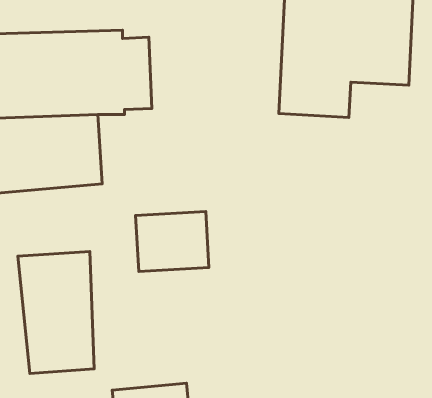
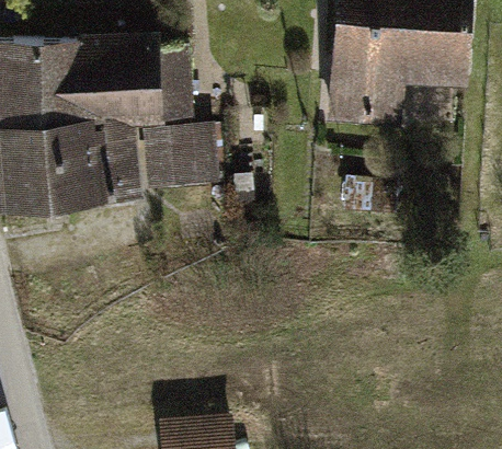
building: [136,212,209,272] -> [144,126,223,191]
building: [18,251,94,373] -> none

